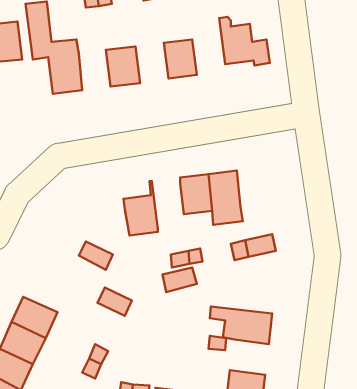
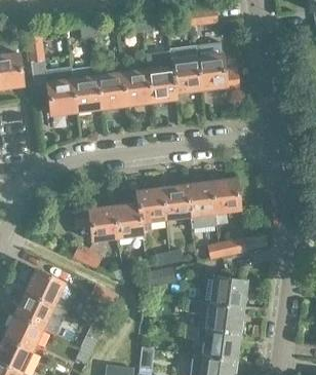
building: none -> [169,45,200,99]
building: none -> [71,66,101,112]
building: none -> [122,71,151,106]
building: none -> [210,179,239,226]
building: none -> [136,188,164,232]
building: none -> [73,207,117,241]
building: none -> [25,268,74,309]
building: none -> [201,275,245,306]
building: none -> [204,329,238,360]

